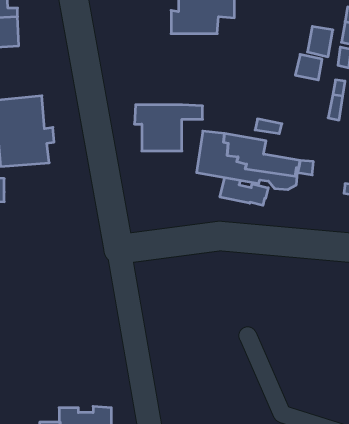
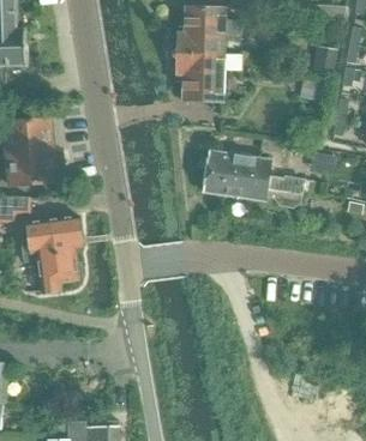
building: [134,105,203,151] -> [175,54,242,99]
building: [220,178,268,205] -> none
building: none -> [20,215,80,291]

